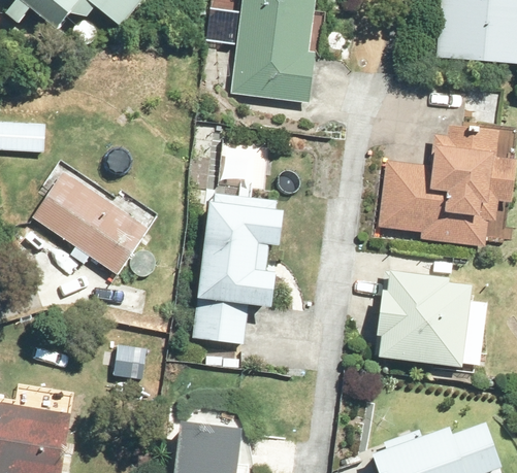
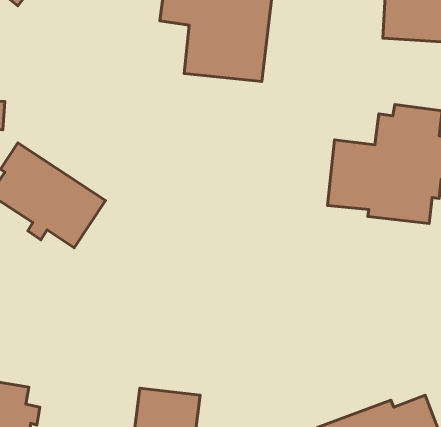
building: [193,191,287,343] -> none
building: [370,270,465,367] -> none

